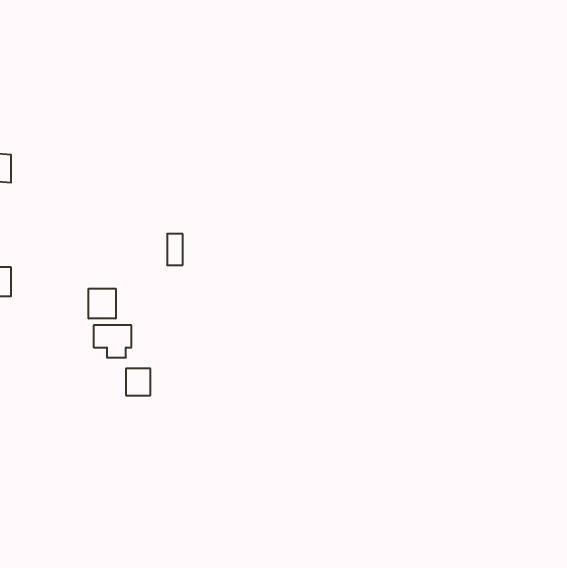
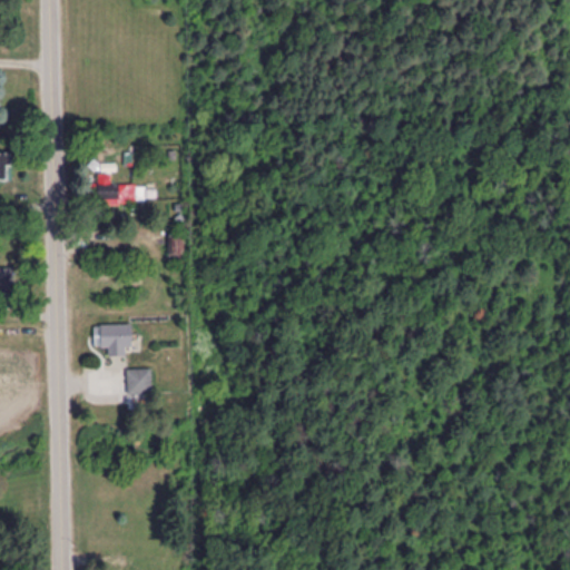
building: none -> [96,174,135,204]
building: [89,289,116,319] -> none

